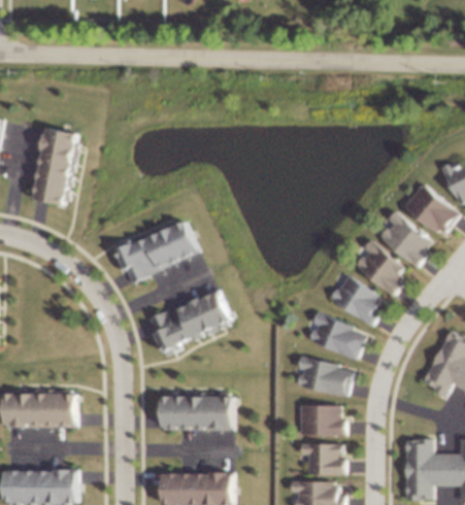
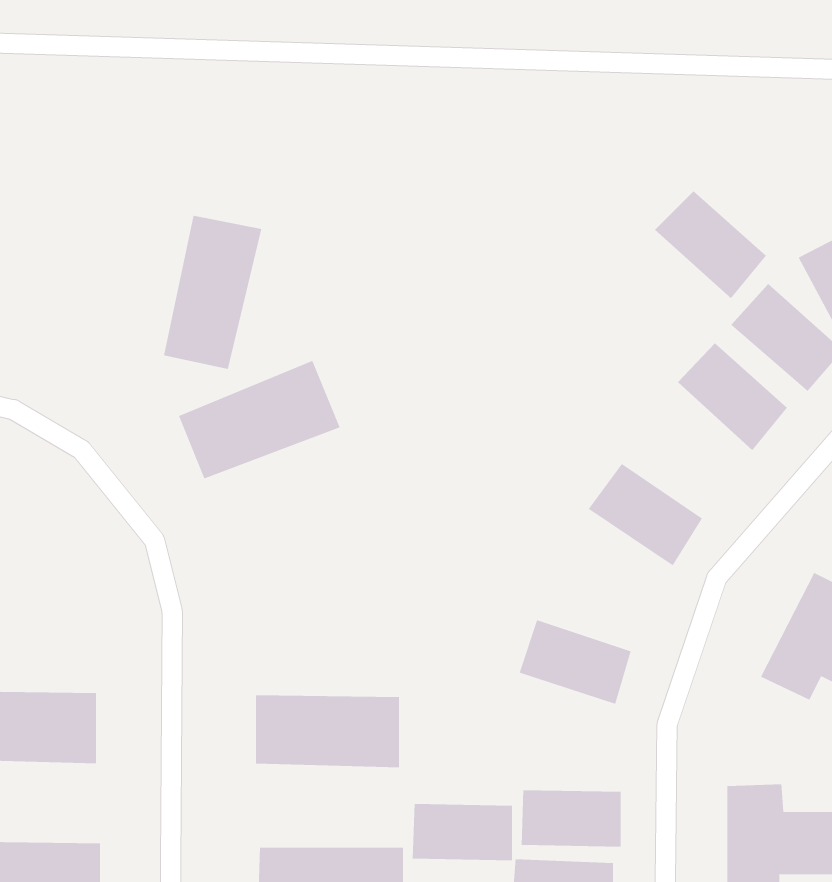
building: [32,127,84,207] -> [163,215,262,369]
building: [352,238,410,295] -> [654,190,767,299]
building: [147,290,231,351] -> none
building: [304,311,365,361] -> none
building: [295,405,347,435] -> [412,803,513,861]

